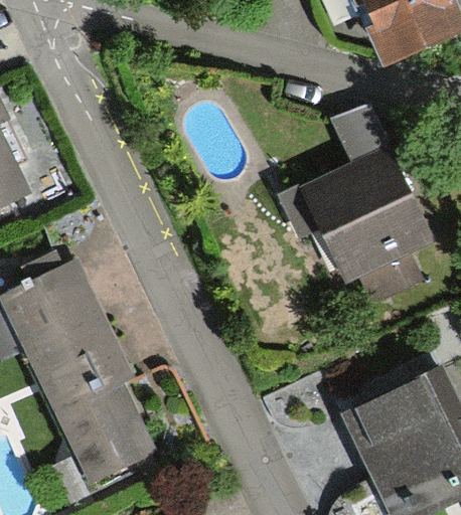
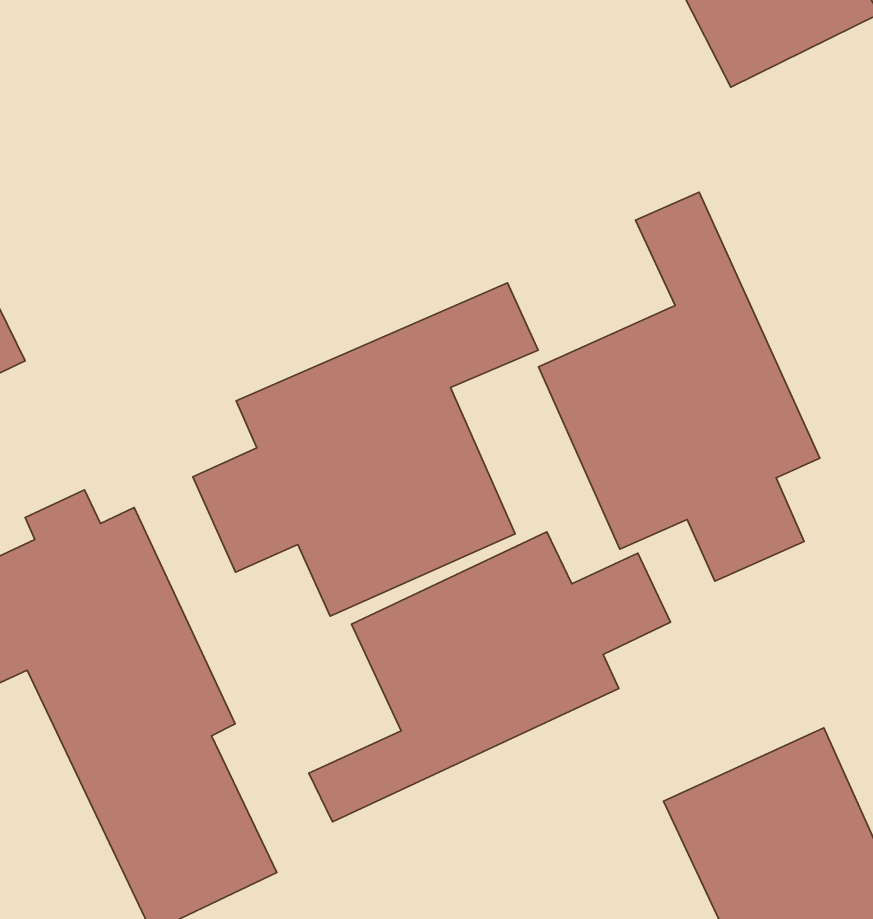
building: none -> [193,283,538,616]
building: none -> [309,532,671,822]

